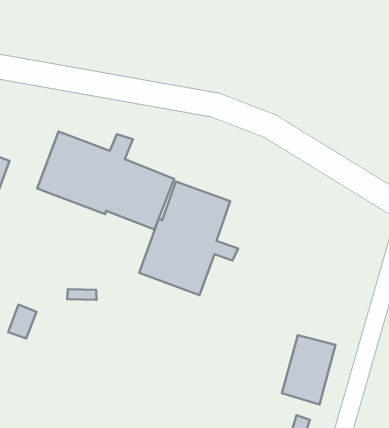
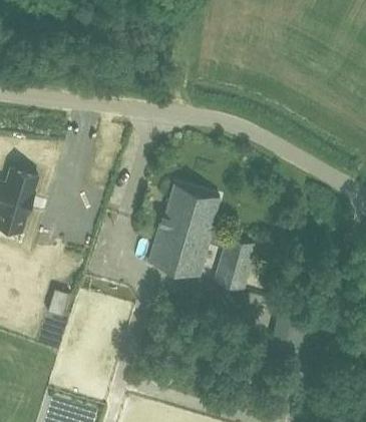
building: [37,132,174,229] -> none
building: none -> [214,240,255,292]

